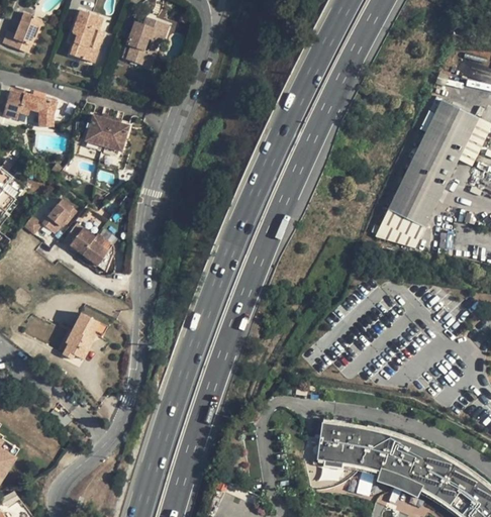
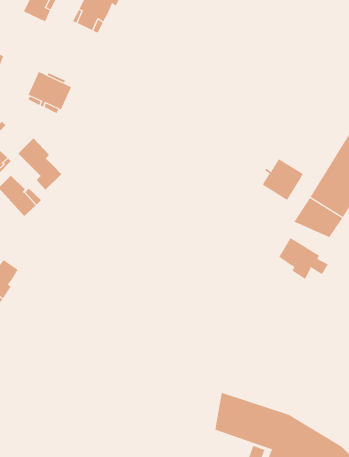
building: none -> [262,158,303,201]
building: none -> [18,137,62,190]
building: none -> [278,237,328,280]

